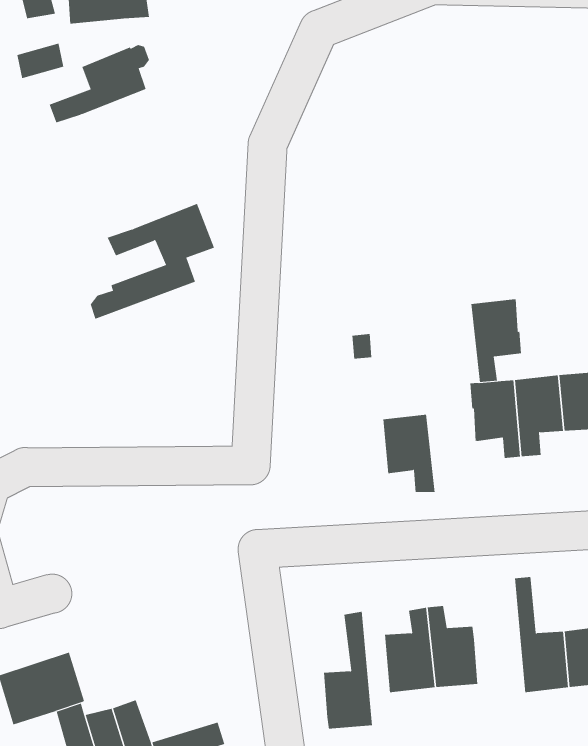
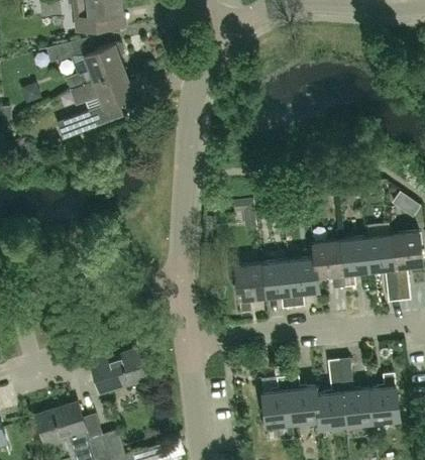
building: [90,203,215,319] -> [59,70,132,138]
building: [470,299,522,383] -> [288,258,318,308]
building: none -> [234,264,264,313]
building: none -> [89,349,146,393]
building: [323,611,373,729] -> [316,358,345,428]

